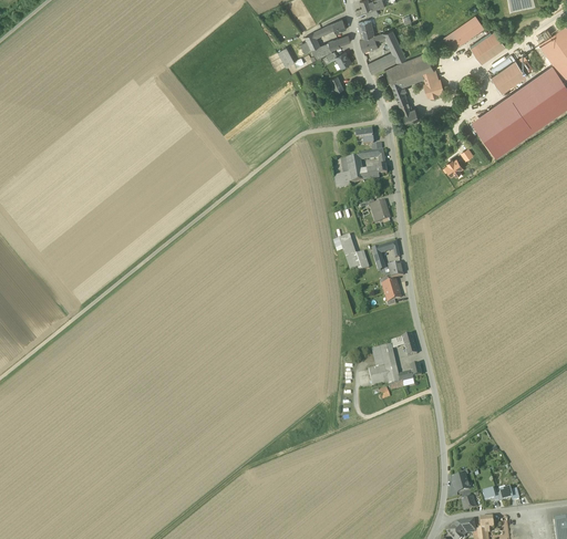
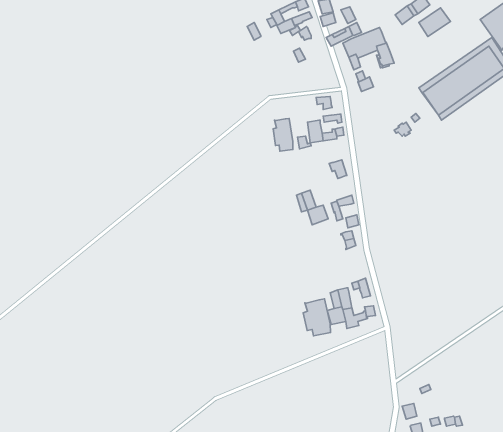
building: [491,60,526,93] -> none
building: none -> [273,118,293,151]
building: none -> [303,299,331,336]

